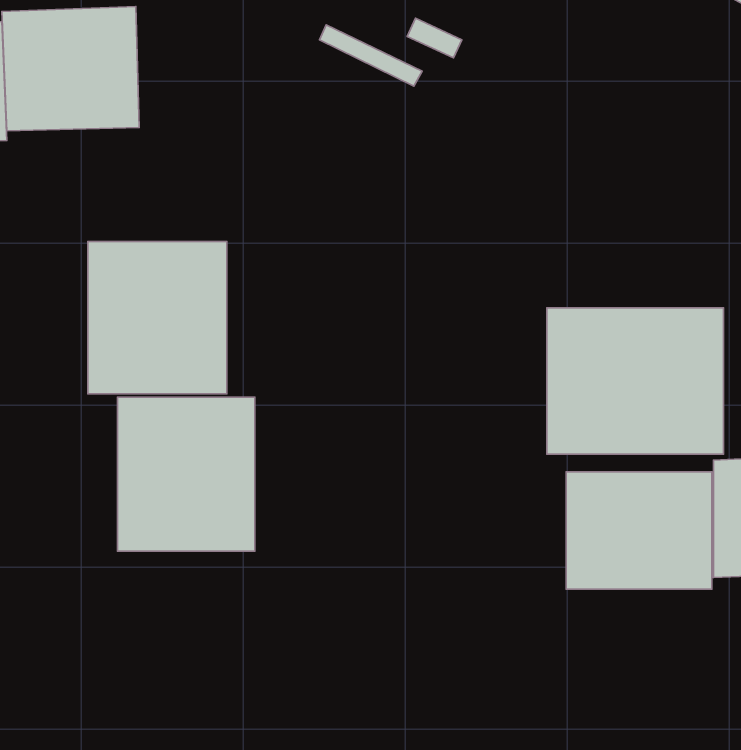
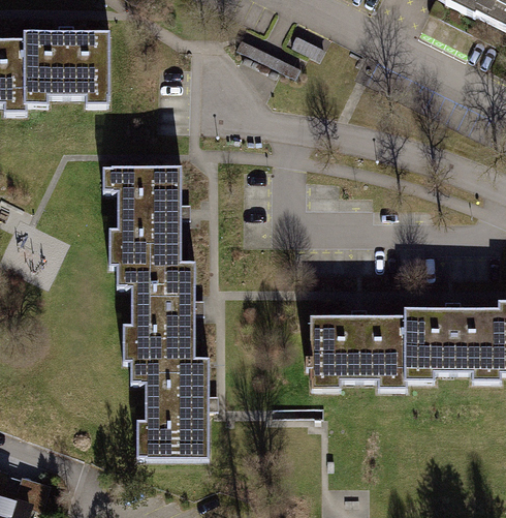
building: [547,308,723,454] -> none
building: none -> [301,317,391,391]
building: none -> [126,363,212,459]

